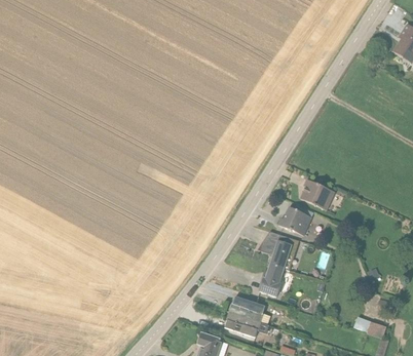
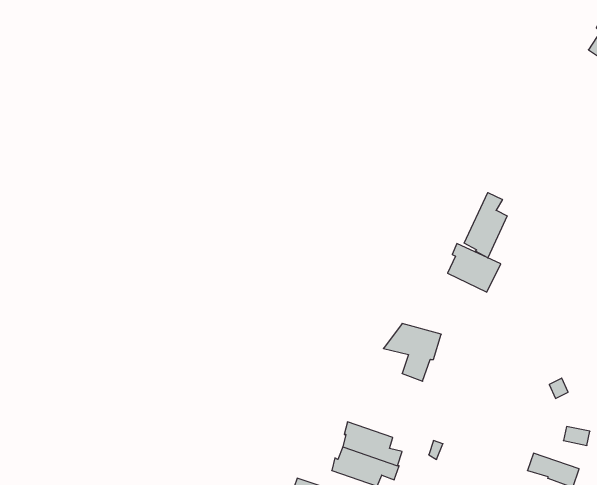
building: none -> [464,193,507,258]
building: [278,206,312,235] -> none
building: [260,264,285,296] -> none

